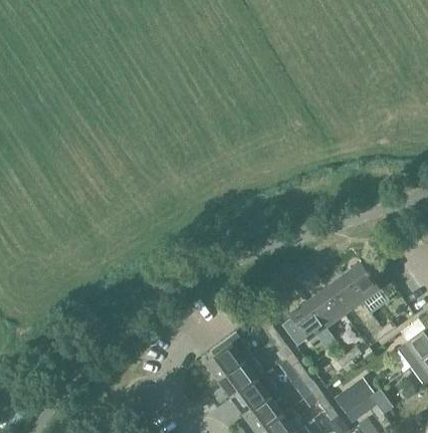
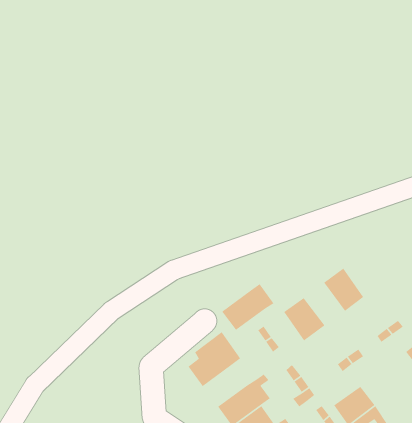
building: [343,263,380,302] -> none
building: [307,289,344,328] -> none
building: [218,357,265,399] -> [221,283,275,331]

